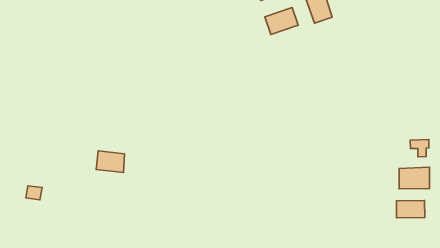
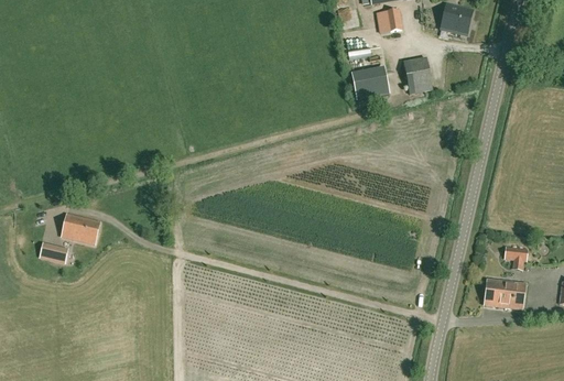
building: [96,151,125,172] -> [63,213,99,242]
building: [396,201,425,218] -> none

